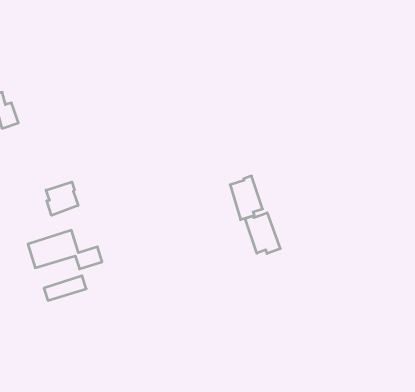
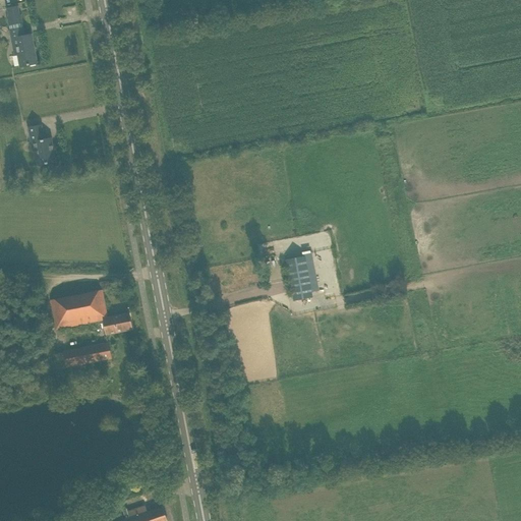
building: [46,182,78,215] -> none
building: [245,213,280,254] -> none

